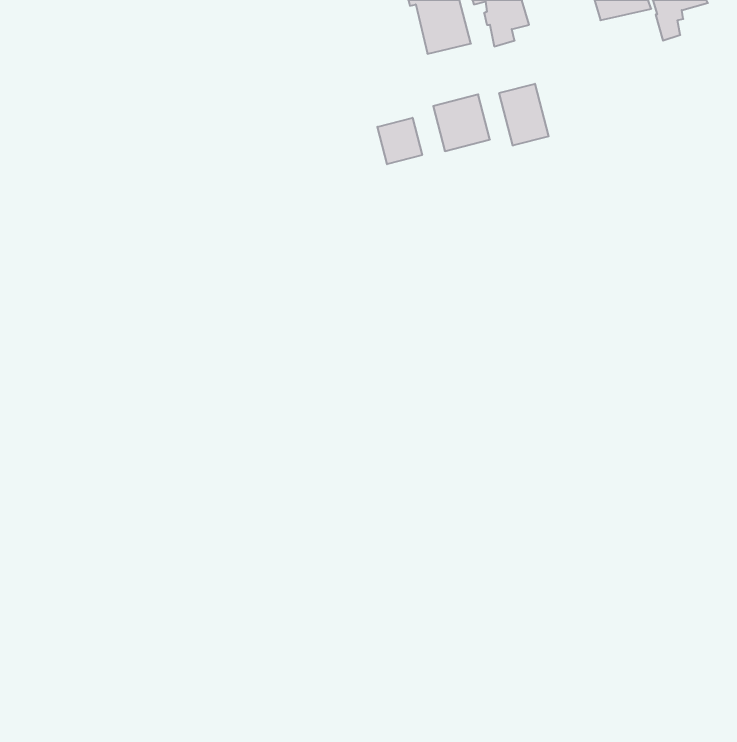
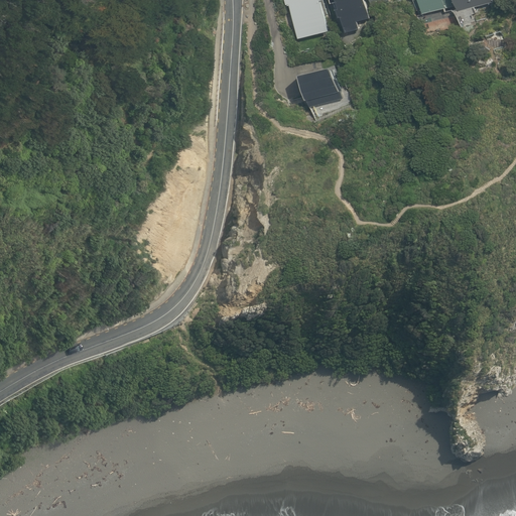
building: [499,84,549,146] -> none
building: [377,118,422,164] -> none

